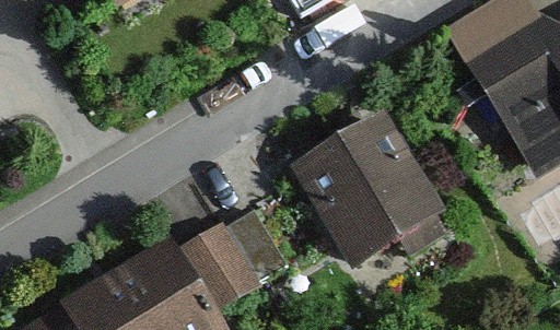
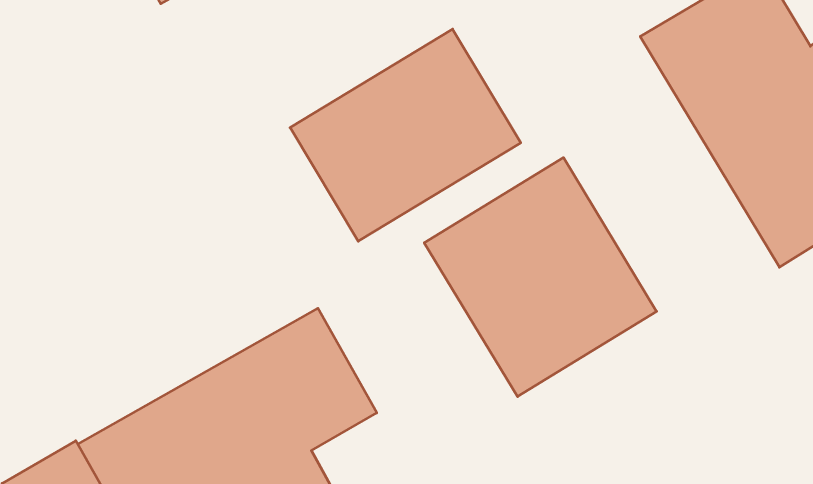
building: none -> [290,29,521,241]

